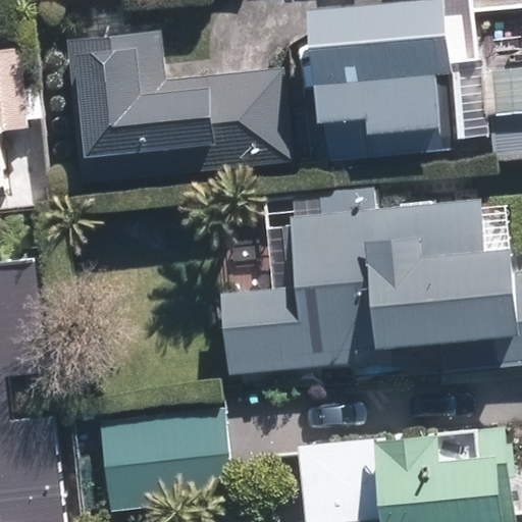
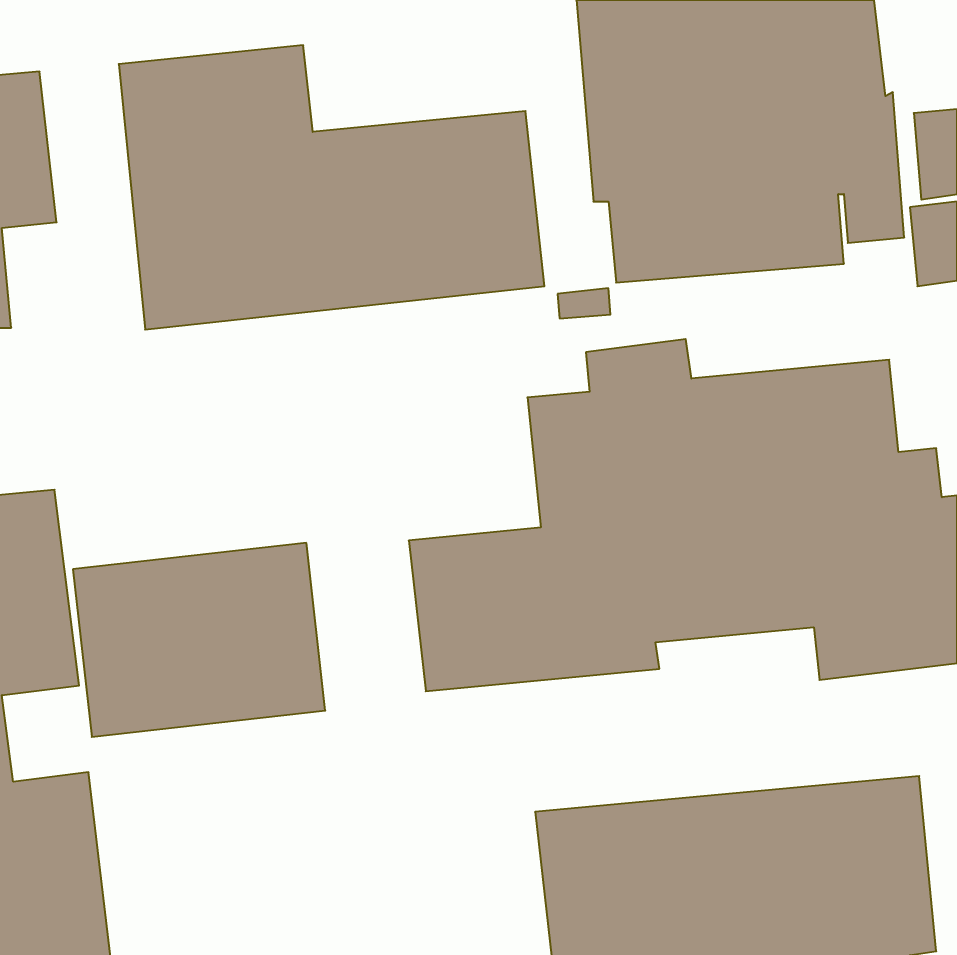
building: [94,406,230,511] -> [73,543,325,737]

